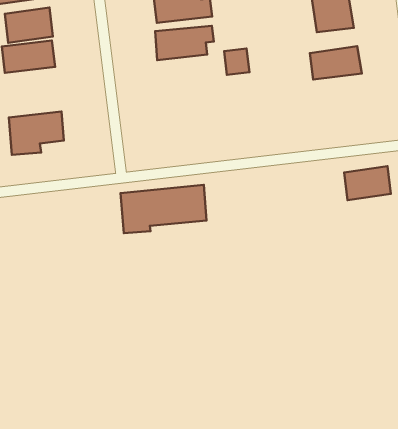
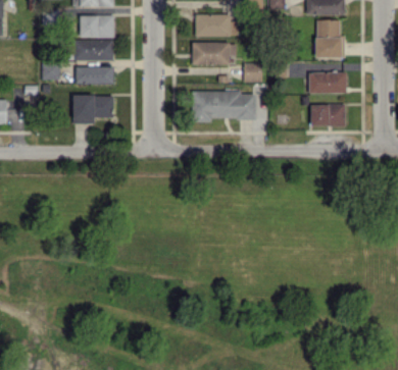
building: none -> [77,66,113,84]
building: [344,166,391,200] -> [311,104,345,126]
building: [121,185,207,233] -> [191,91,256,122]

